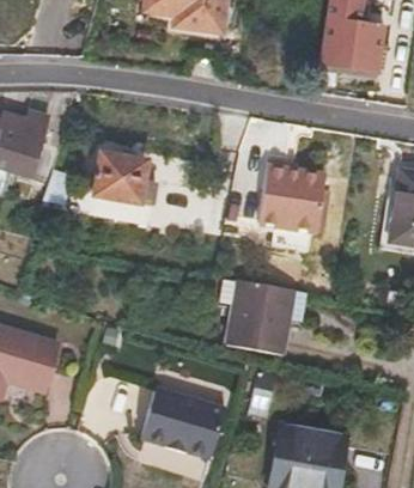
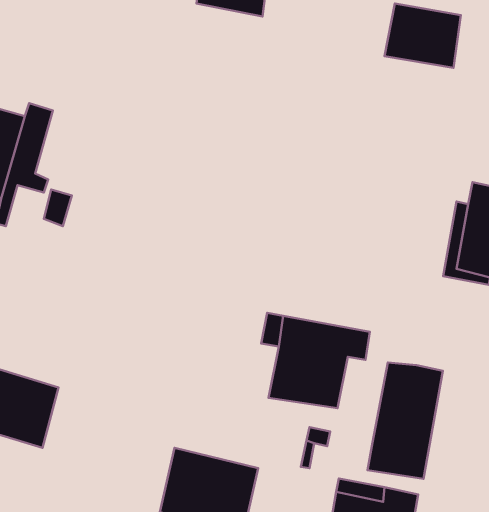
building: [256,151,325,224] -> none
building: [95,155,153,211] -> none
building: none -> [368,362,443,479]

